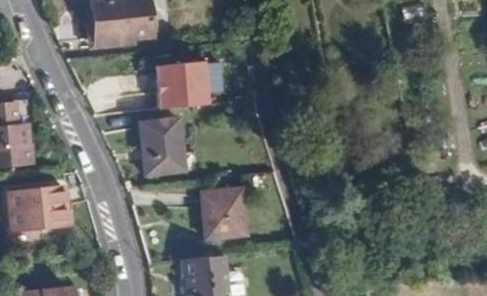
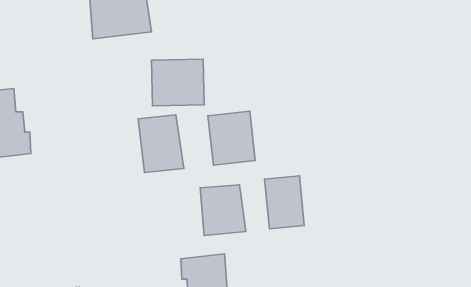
building: none -> [208,111,255,165]
building: none -> [265,176,304,229]
building: [11,186,68,229] -> none

